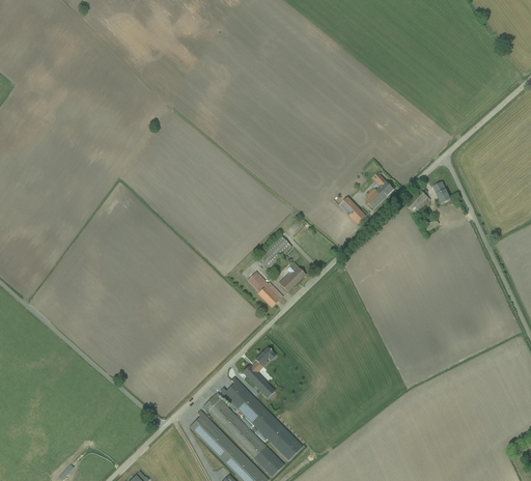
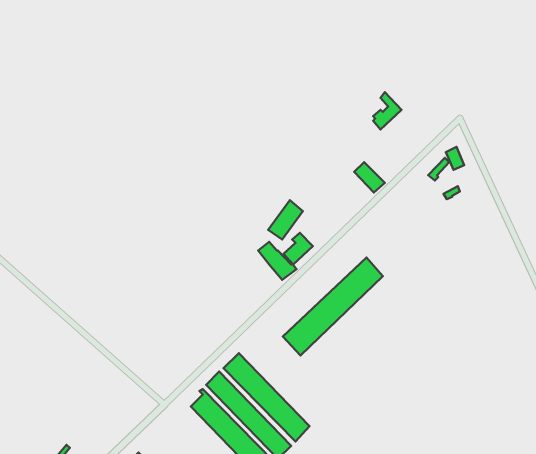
building: [365,172,392,207] -> [373,92,401,129]
building: none -> [283,257,383,356]
building: [243,346,276,398] -> none

